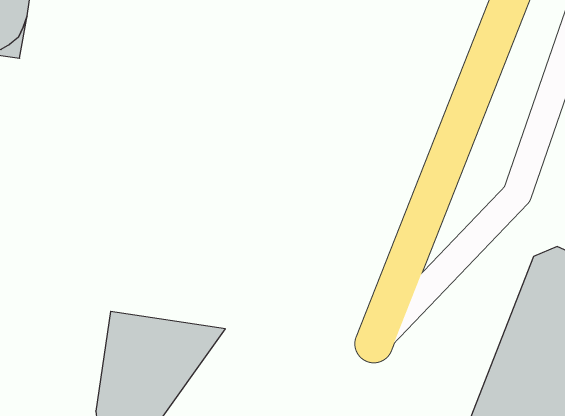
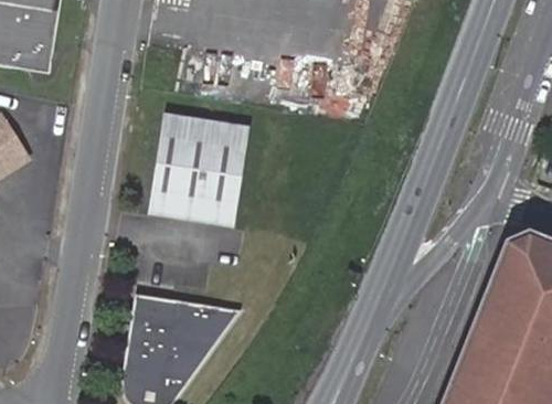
building: none -> [146,110,246,223]

